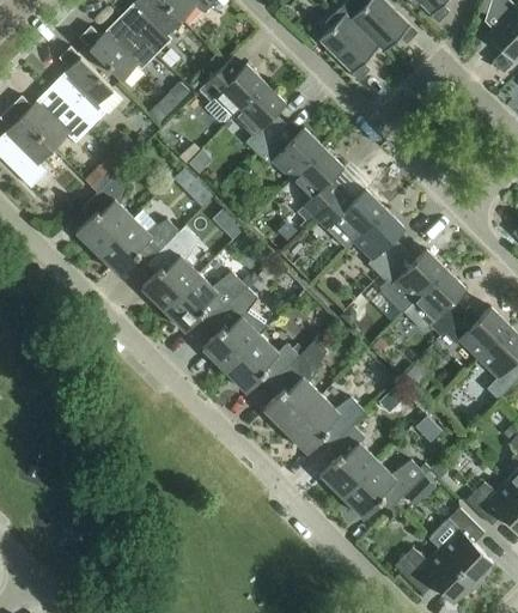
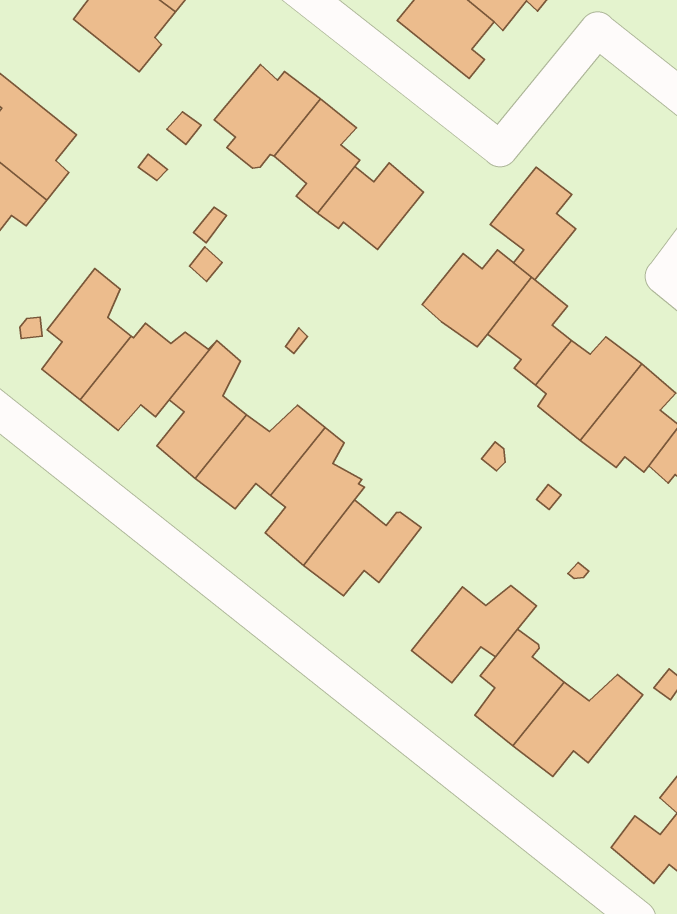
building: [79,17,156,79] -> none
building: [291,147,343,217] -> [490,167,576,280]
building: [263,339,327,430] -> none

